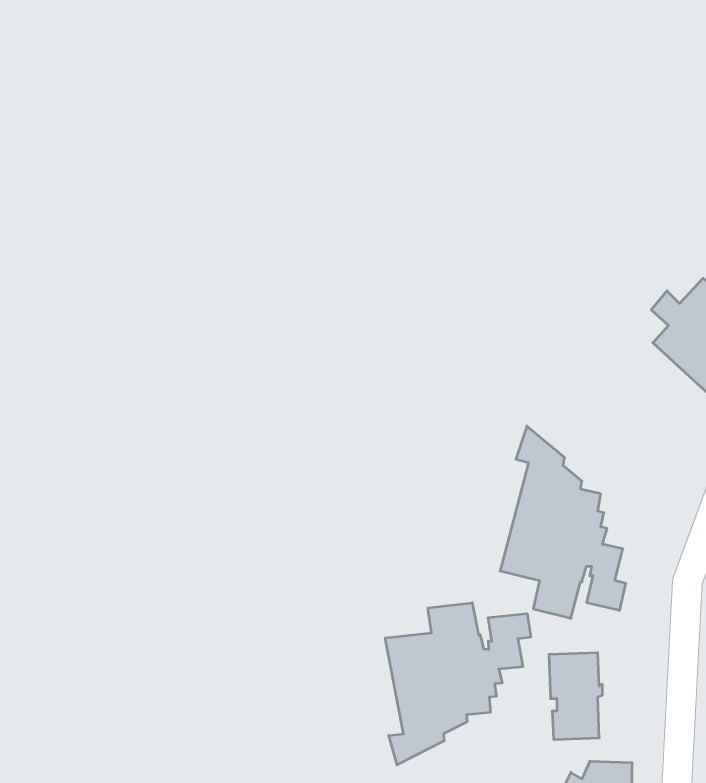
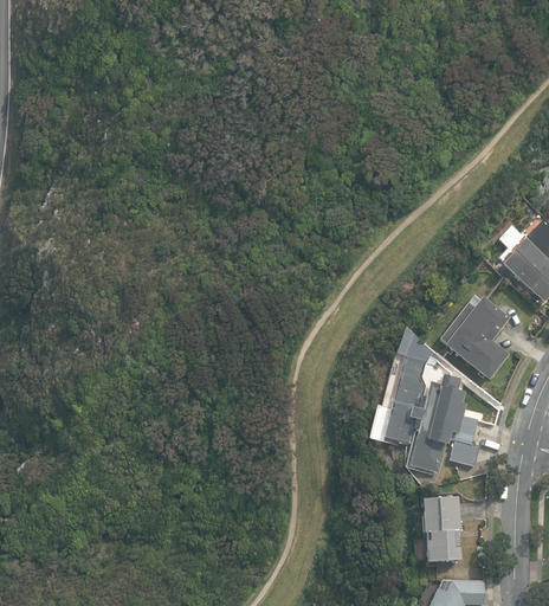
building: none -> [438,297,509,379]
building: [385,603,531,765] -> none

